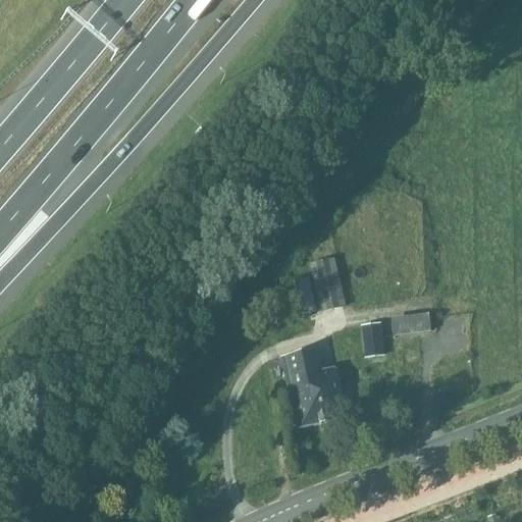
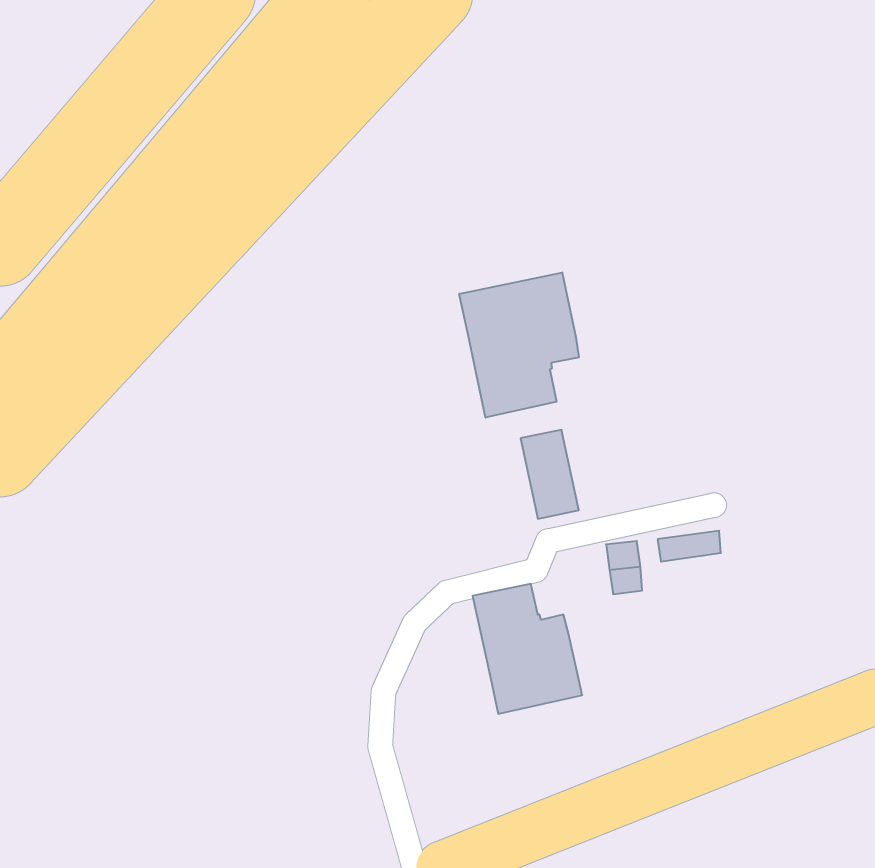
building: none -> [459,272,579,418]

